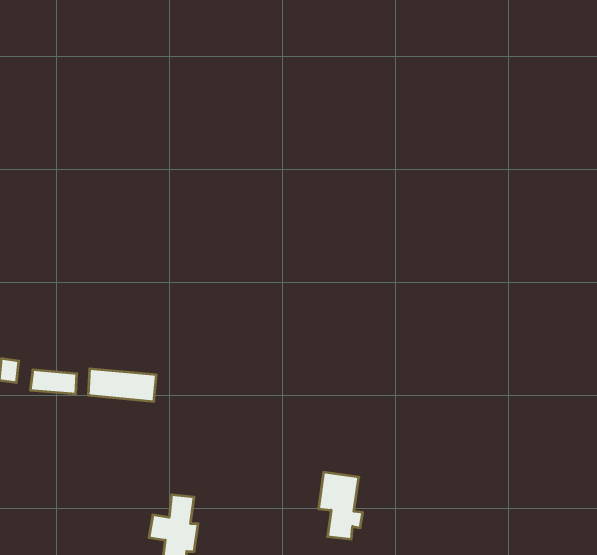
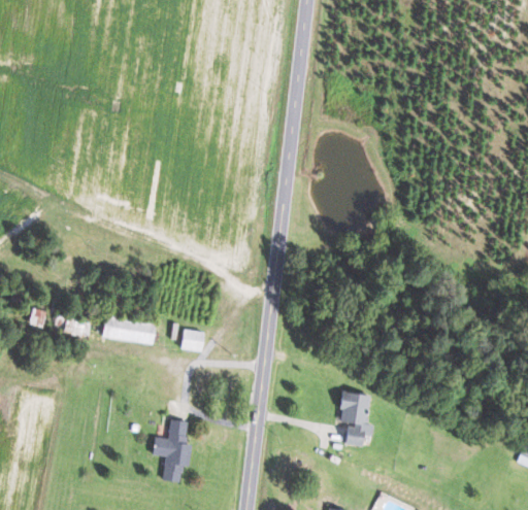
building: none -> [180,329,206,351]
building: [319,472,363,539] -> [338,392,374,446]

